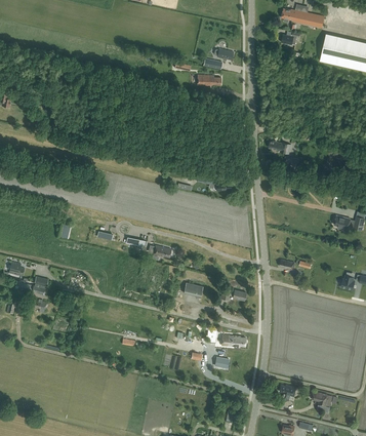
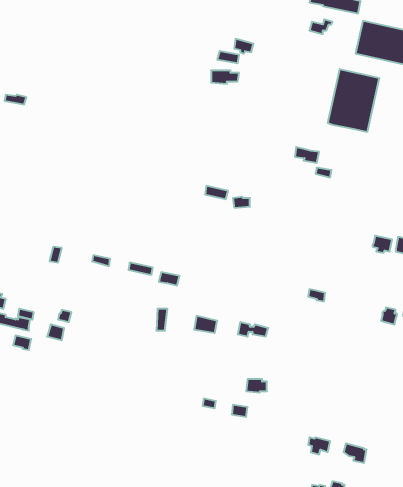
building: none -> [328,69,379,132]

